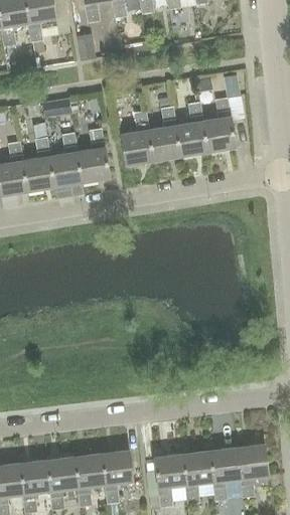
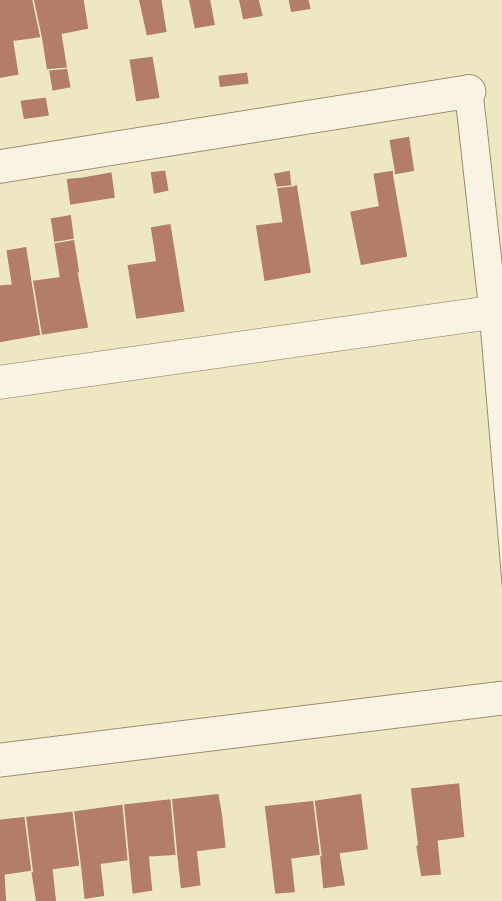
building: [176,102,208,156] -> none
building: [121,111,154,165] -> none
building: [49,132,82,187] -> none
building: [209,447,241,501] -> none

